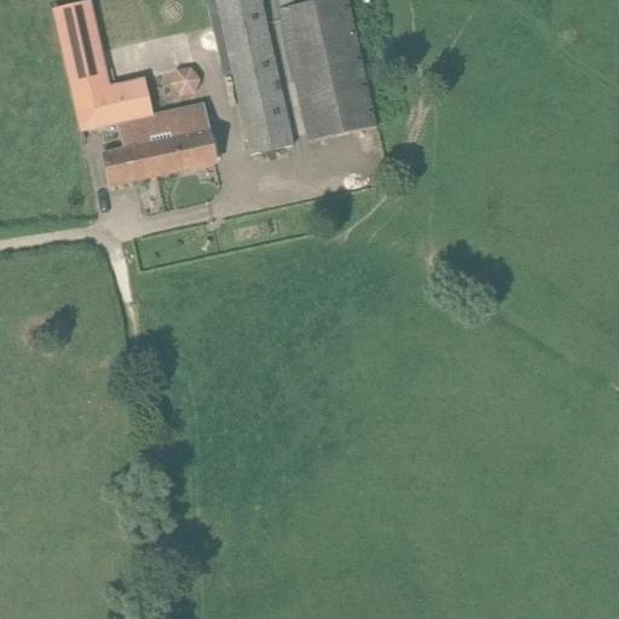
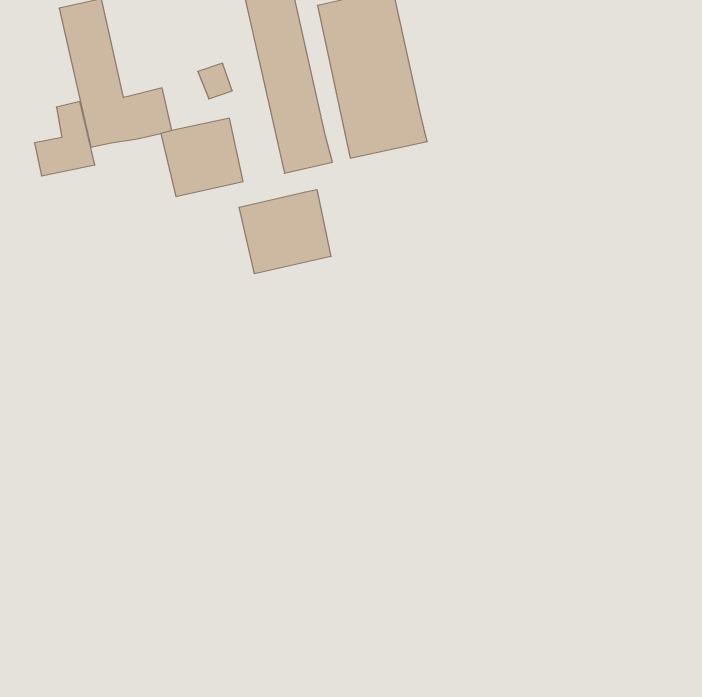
building: [102,117,155,183] -> [34,102,95,176]
building: none -> [239,190,331,274]

